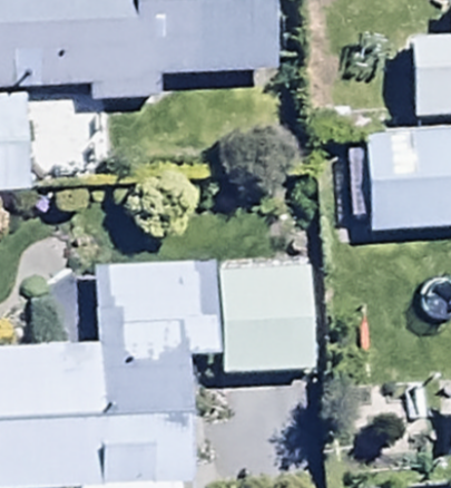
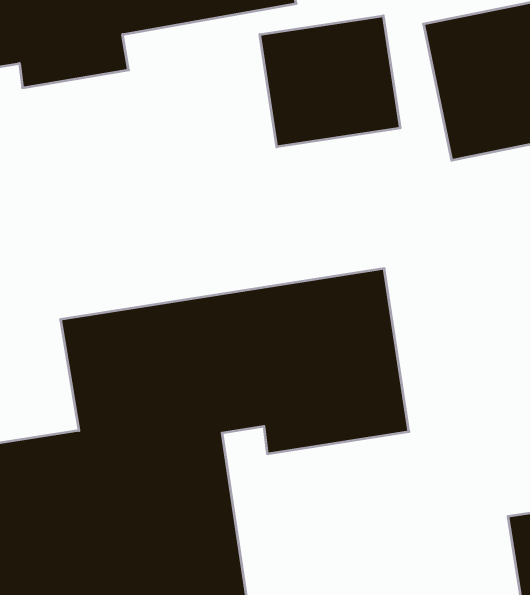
building: none -> [260,16,400,147]

